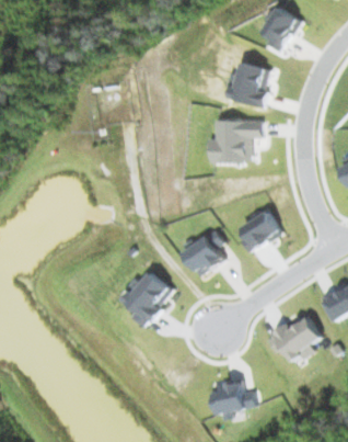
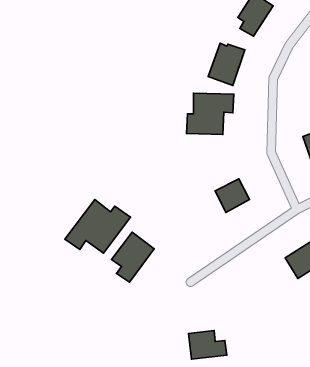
building: [182,231,223,277] -> none
building: none -> [65,199,130,253]
building: [265,314,320,363] -> none

